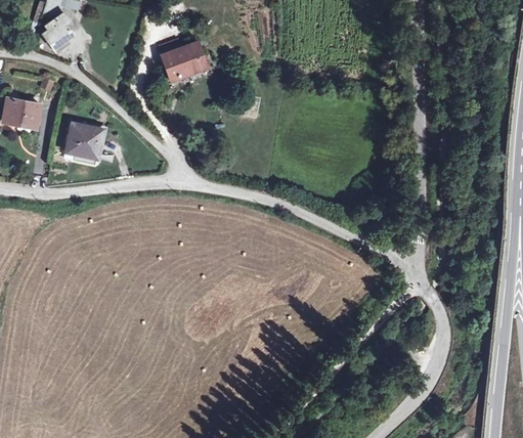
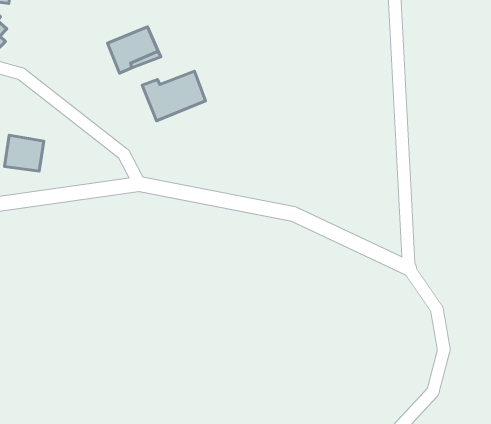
building: none -> [142,71,206,121]

